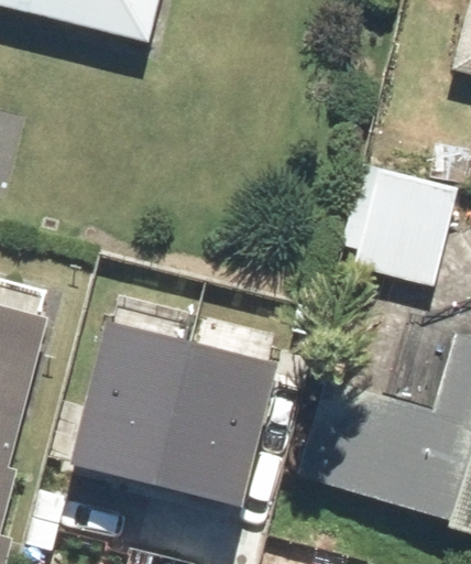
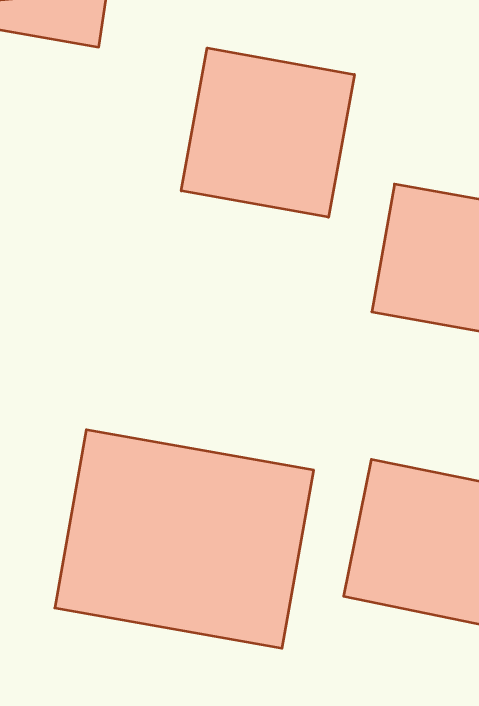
building: none -> [181,48,354,217]

